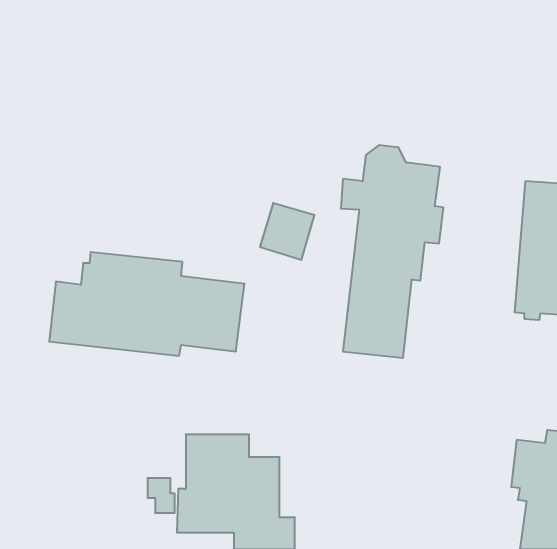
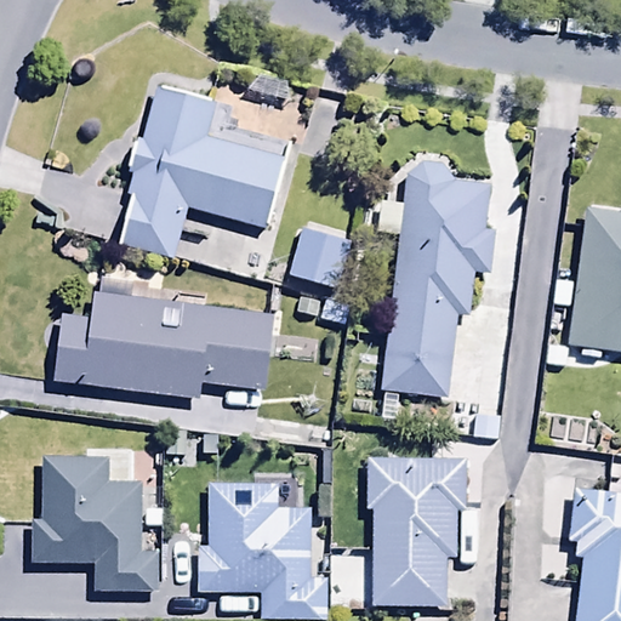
building: none -> [120,85,284,258]
building: none -> [32,457,159,589]
building: none -> [368,457,468,604]

